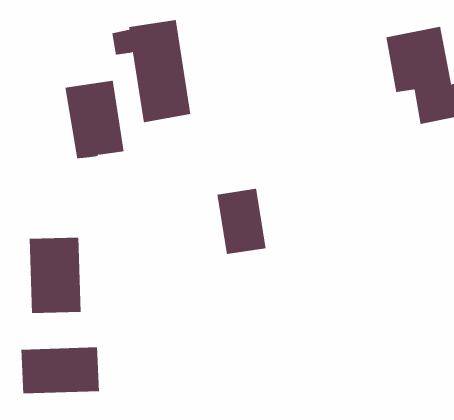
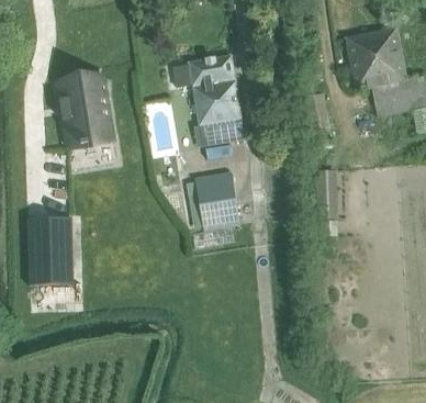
building: [111,20,191,123] -> [173,56,245,148]
building: [21,347,99,394] -> none

